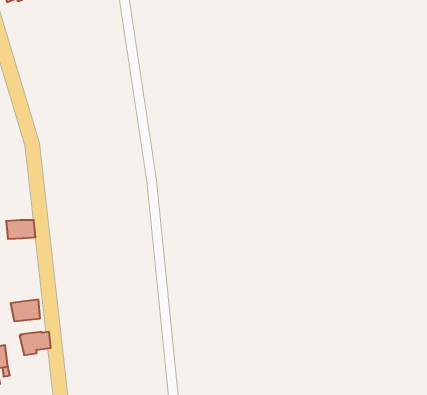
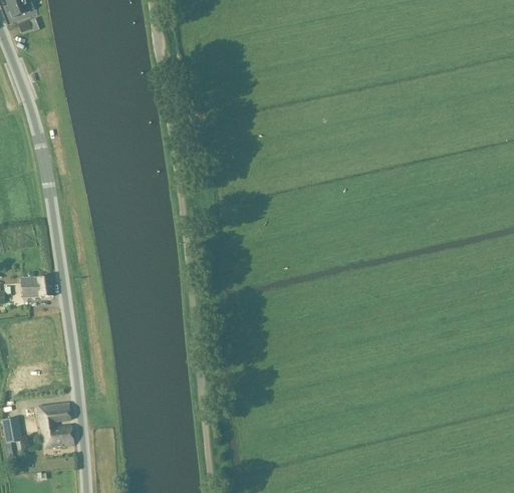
building: [11,300,40,321] -> [39,424,72,448]

